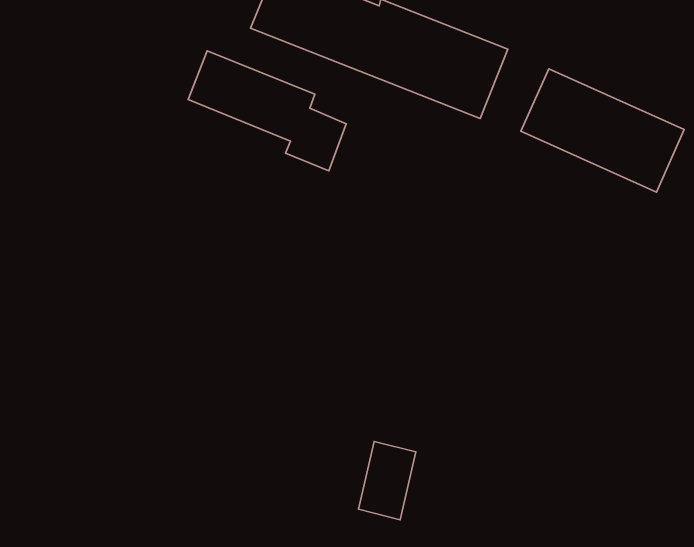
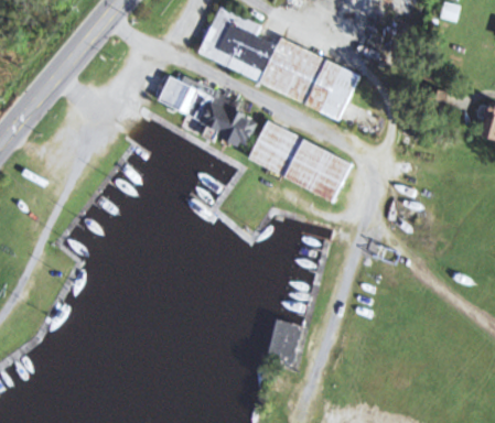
building: [521,69,684,192] -> [248,122,352,200]

